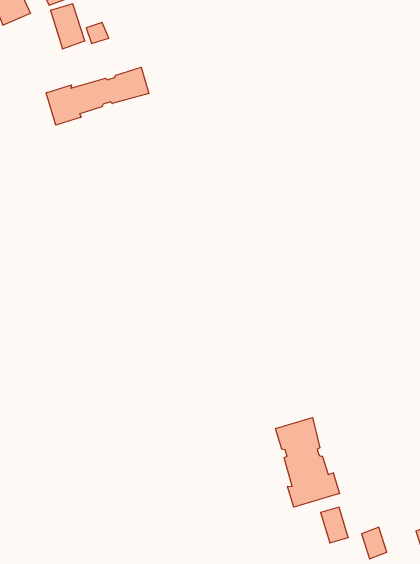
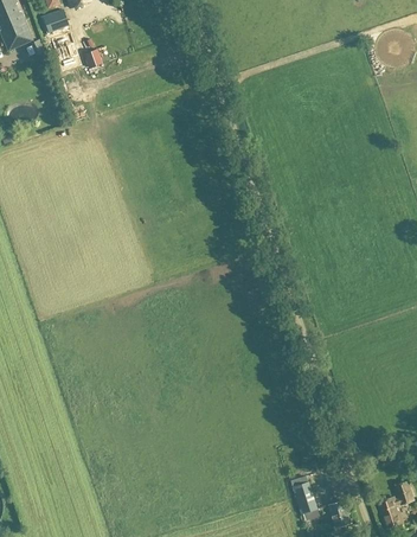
building: [46,67,149,125] -> none
building: [276,418,340,507] -> none

